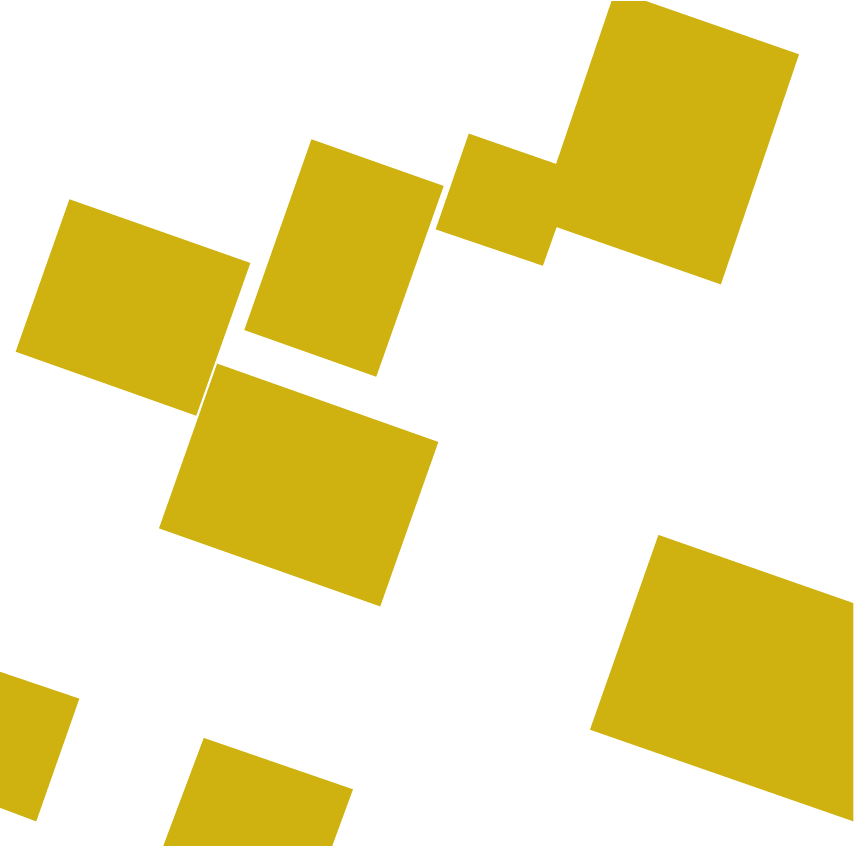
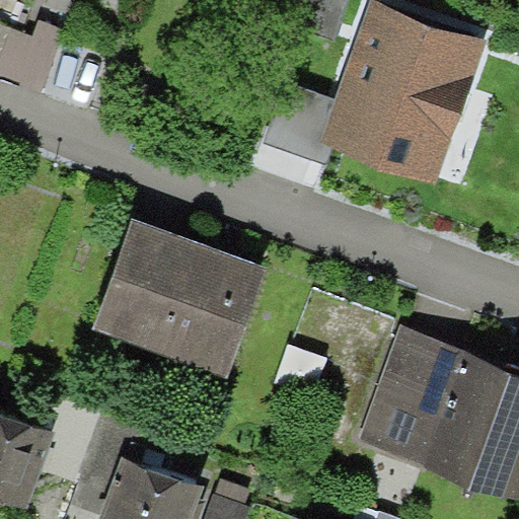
building: [243,138,445,378] -> none
building: [15,198,251,417] -> none

